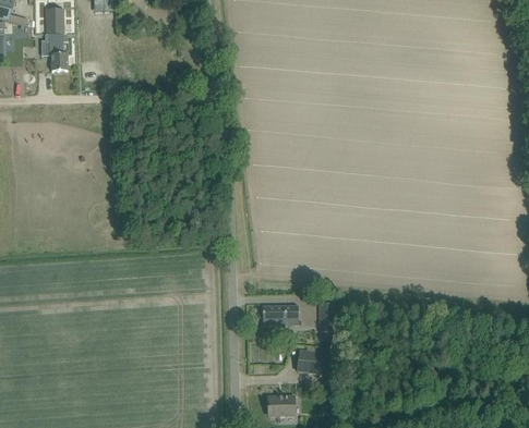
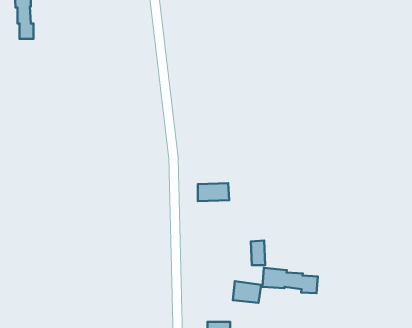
building: [263,304,299,325] -> [198,183,229,201]
building: none -> [262,268,318,293]

